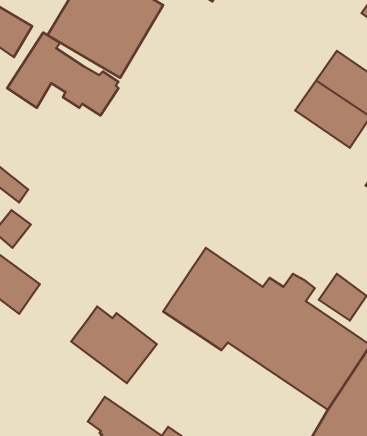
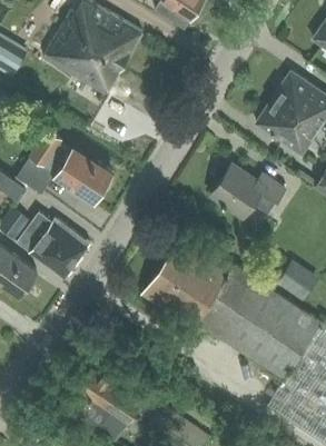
building: [7,32,119,115] -> [16,129,111,200]
building: none -> [209,163,284,218]
building: [71,307,157,383] -> [16,211,89,277]

